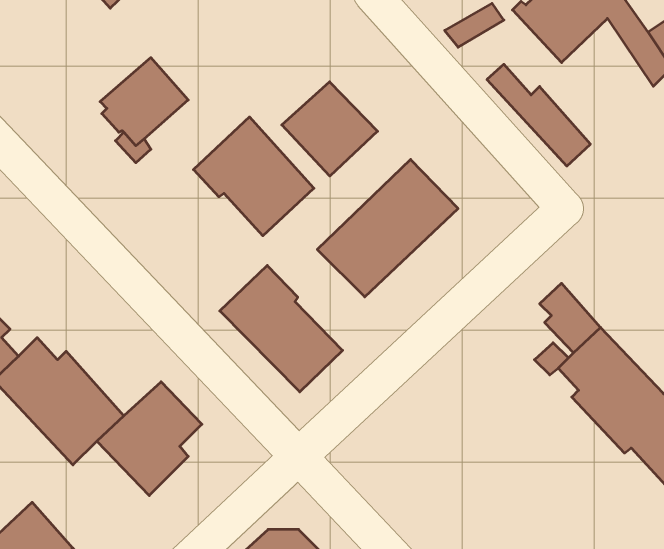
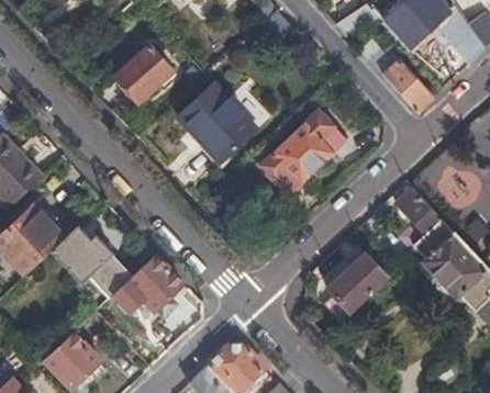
building: [282,82,378,176] -> none
building: [220,265,343,392] -> none
building: none -> [324,249,386,310]

